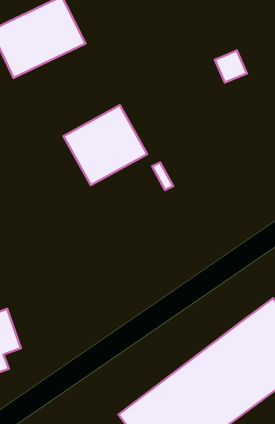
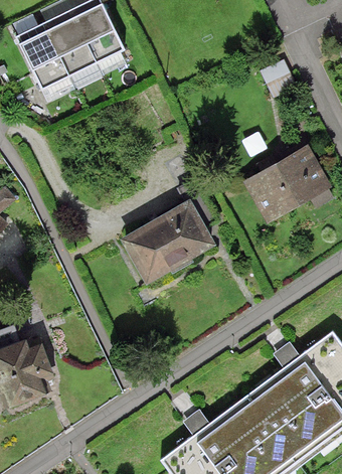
building: [63,105,147,185] -> [126,198,218,287]
building: none -> [245,143,330,221]

